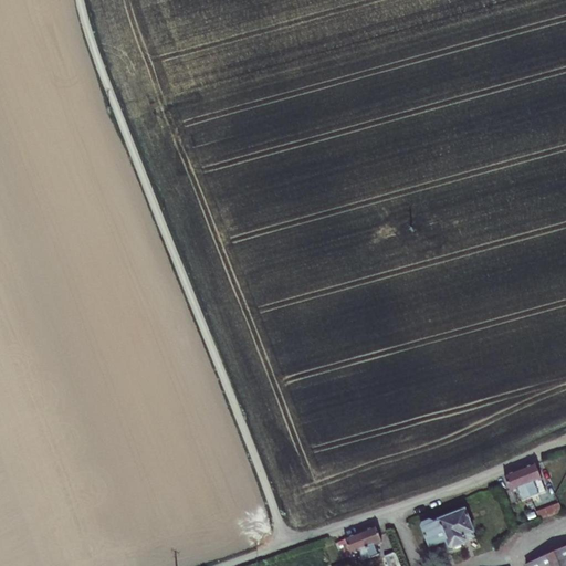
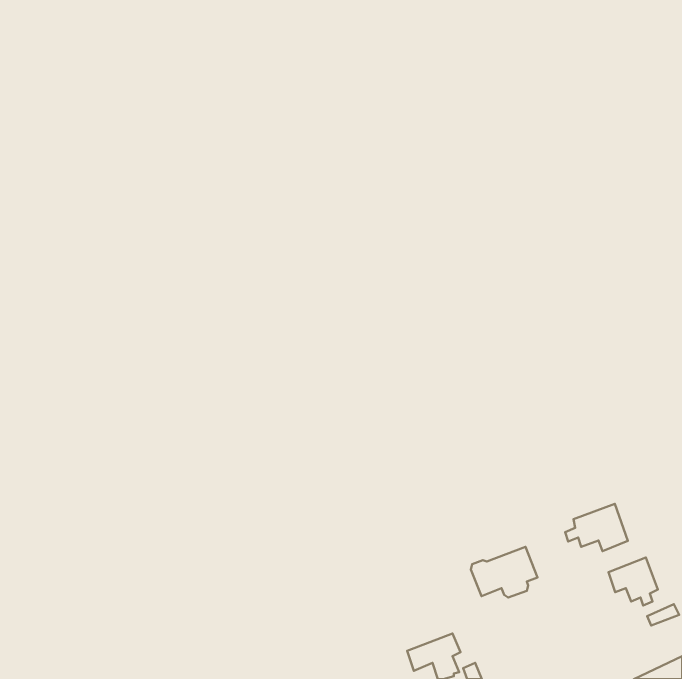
building: none -> [565,504,628,551]
building: [420,506,475,548] -> [471,547,537,598]

